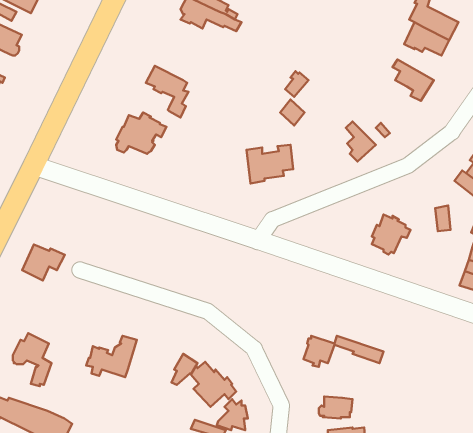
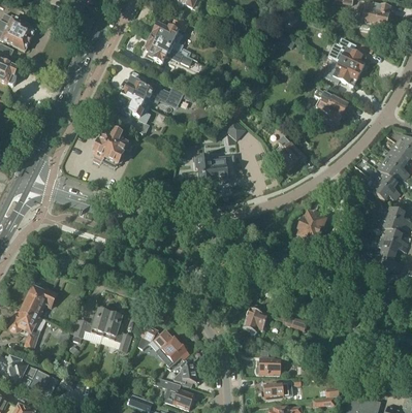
building: none -> [125,78,182,107]
building: [22,244,65,281] -> [24,286,58,315]
building: none -> [101,312,132,351]

